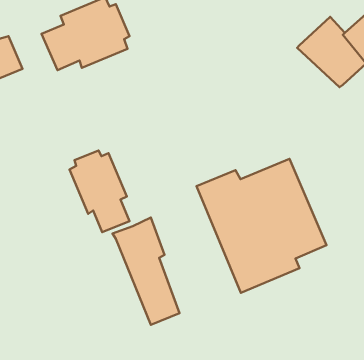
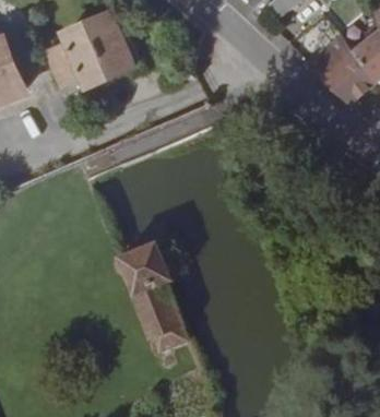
building: [69,150,130,232] -> none
building: [196,159,326,293] -> none

